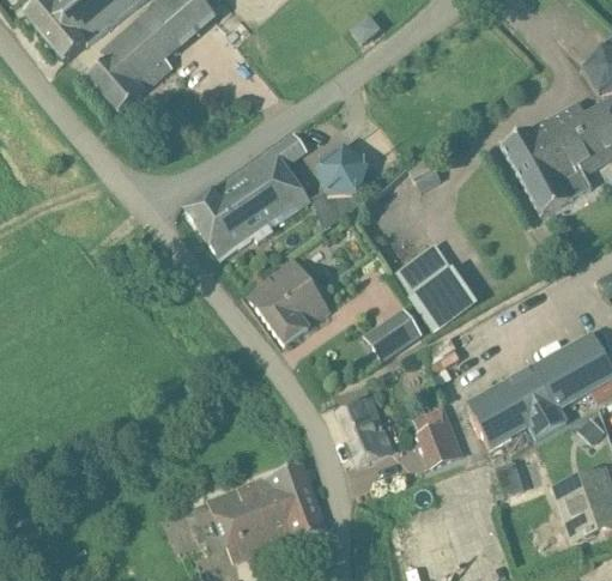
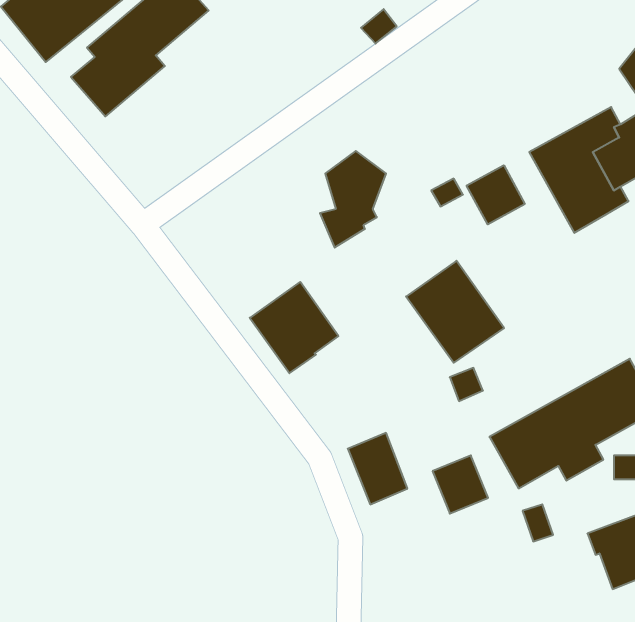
building: [184,132,310,258] -> none
building: none -> [467,165,525,224]
building: [371,310,420,361] -> none
building: [214,466,326,559] -> none

